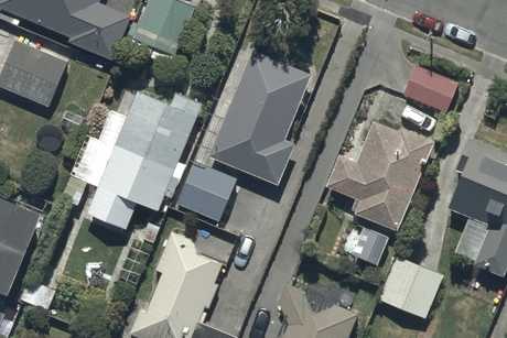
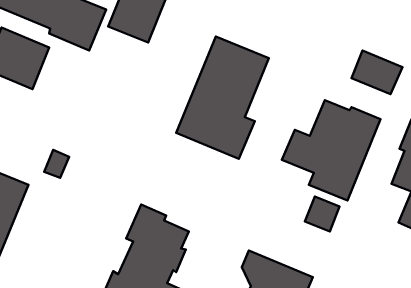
building: [86,94,202,231] -> none
building: [174,163,236,225] -> none
building: [380,258,444,319] -> none

